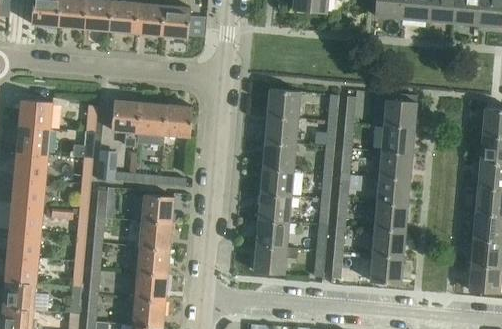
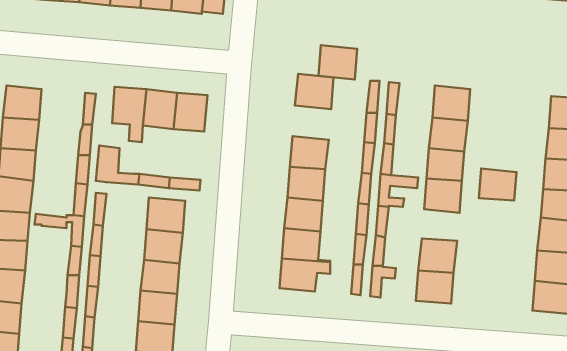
building: [265,116,298,145] -> [318,45,357,79]
building: [375,204,407,231] -> [479,169,516,200]

